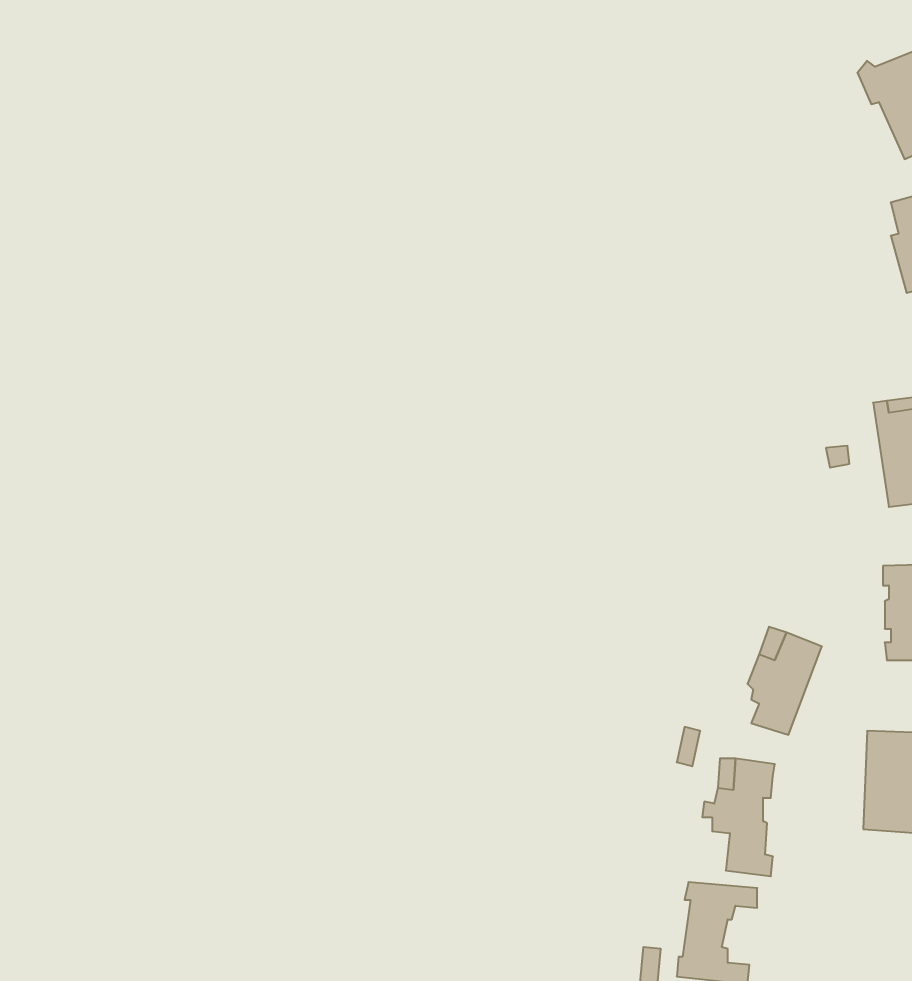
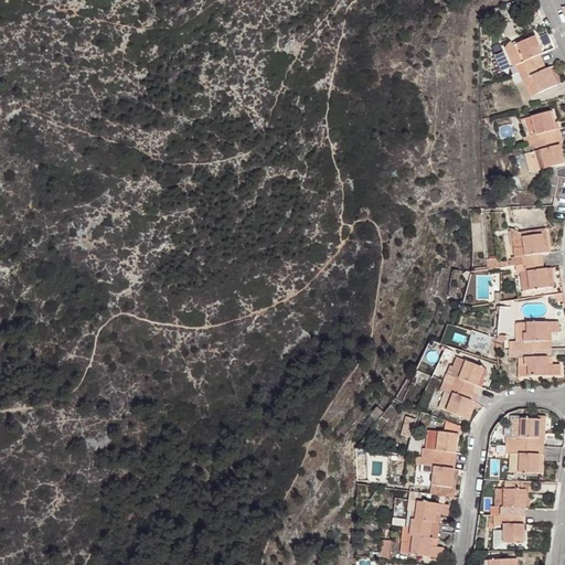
building: none -> [489,488,524,547]

